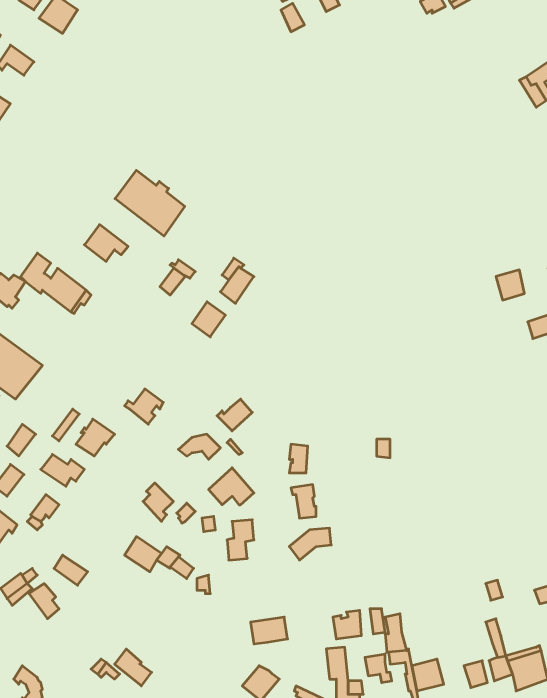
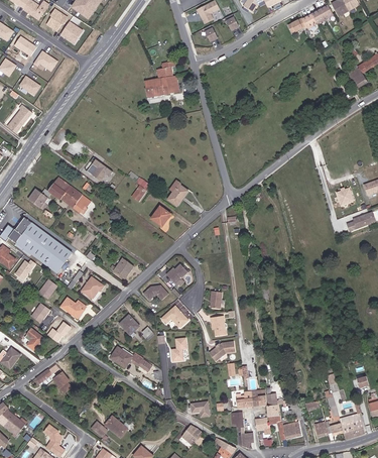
building: none -> [143,59,178,97]
building: [115,170,185,236] -> none
building: none -> [44,243,72,272]

